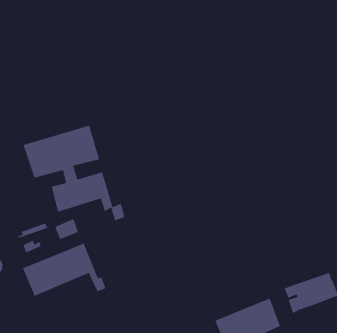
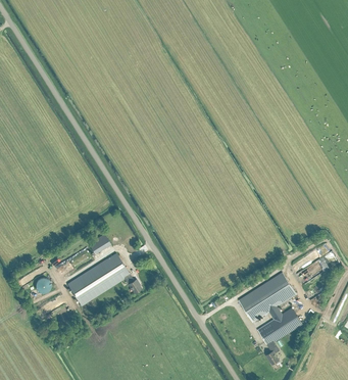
building: [23,125,125,221] -> none

